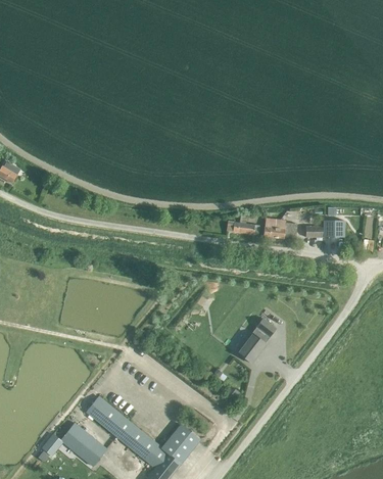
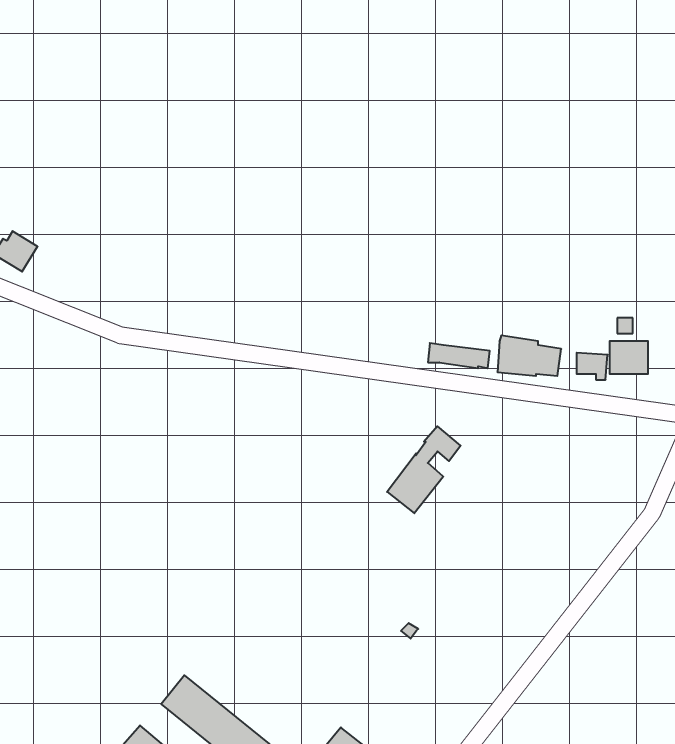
building: [235,320,274,366] -> [387,426,461,513]

